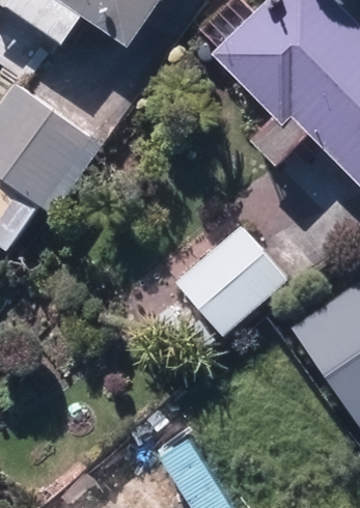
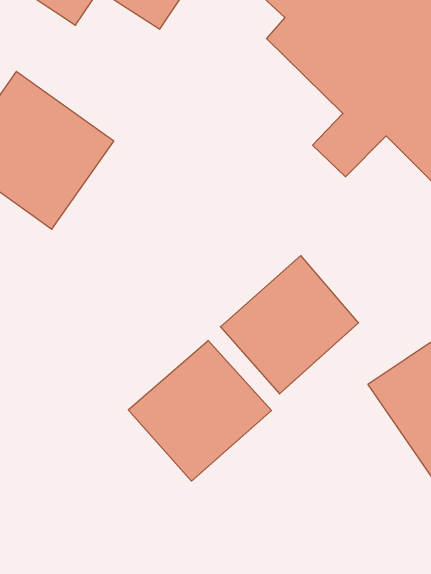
building: none -> [128,340,271,481]

